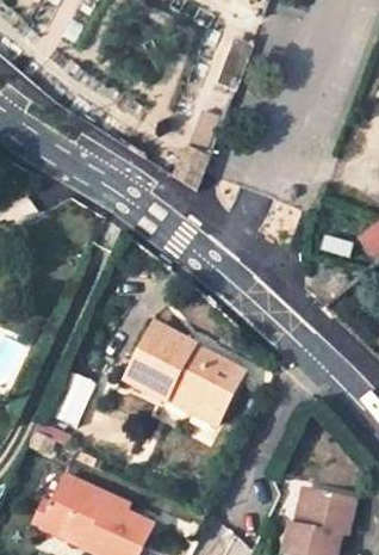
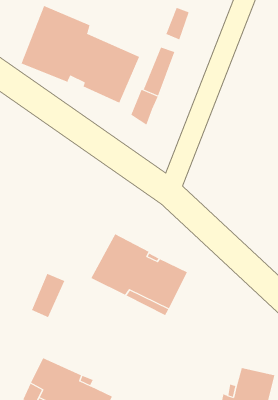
building: none -> [21,5,140,103]

